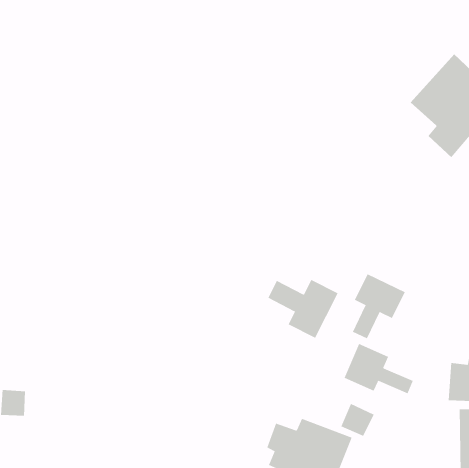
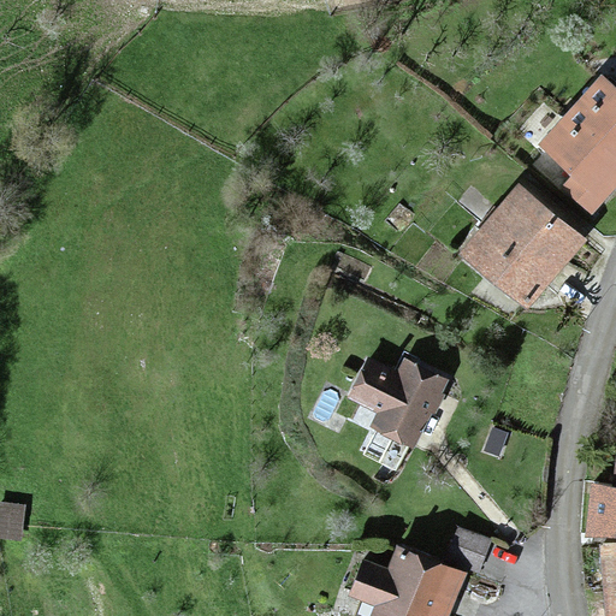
building: none -> [462,184,581,303]
building: [352,273,406,339] -> none
building: [344,343,414,394] -> none

